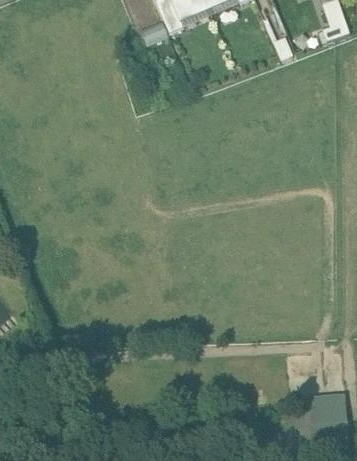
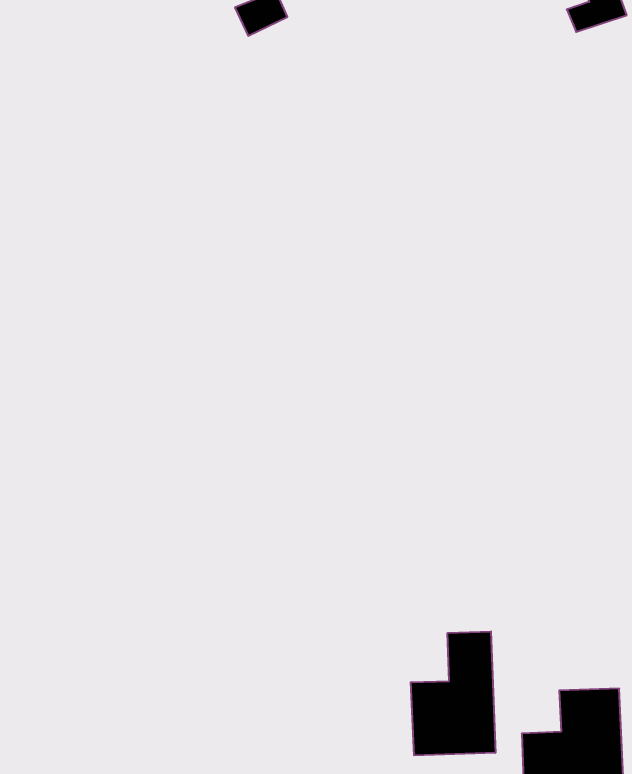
building: none -> [411,631,495,755]

